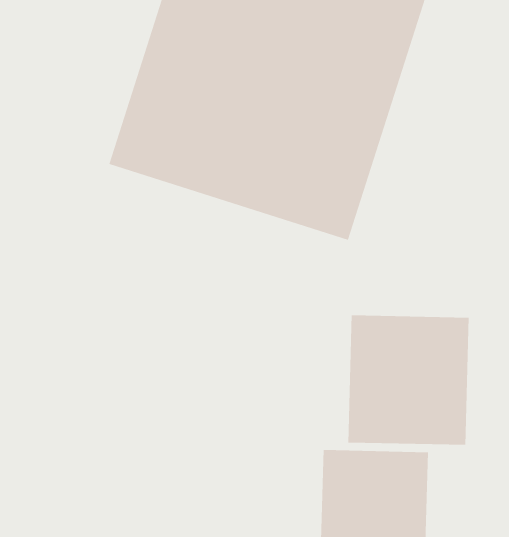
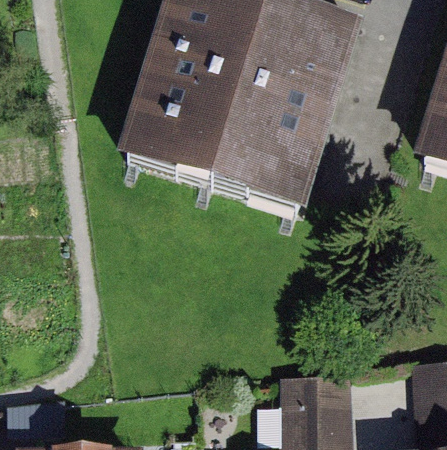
building: [348,315,469,446] -> none

